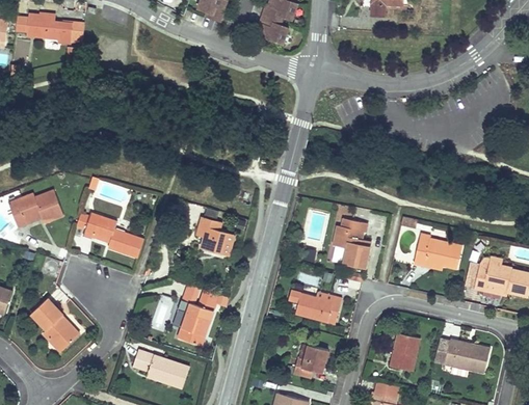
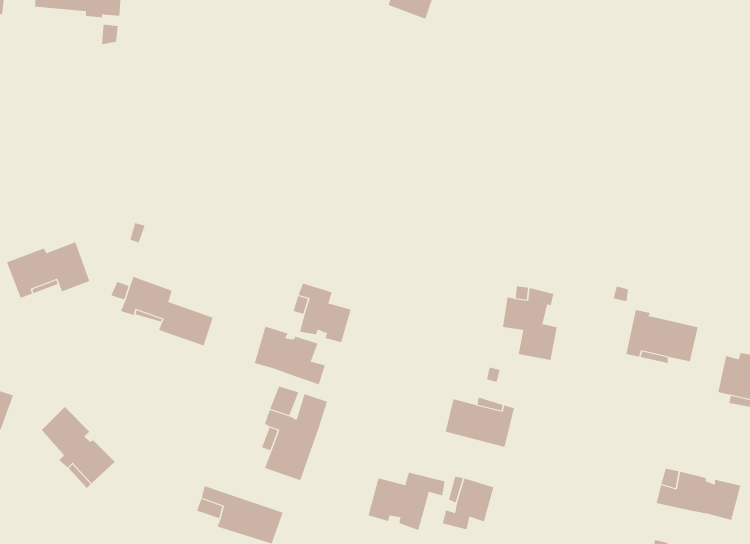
building: none -> [254,326,326,385]
building: [390,332,420,371] -> none
building: none -> [368,472,445,531]

